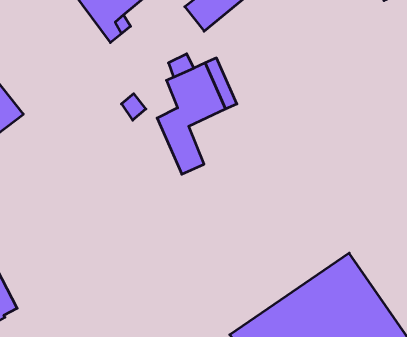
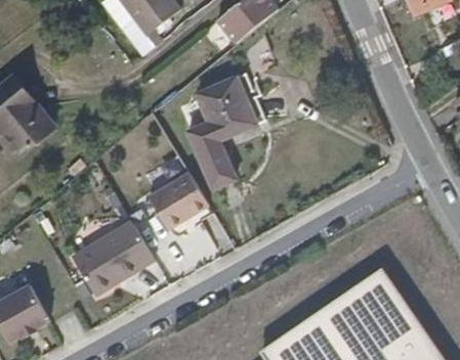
building: none -> [148,174,209,233]
building: none -> [73,221,154,296]

